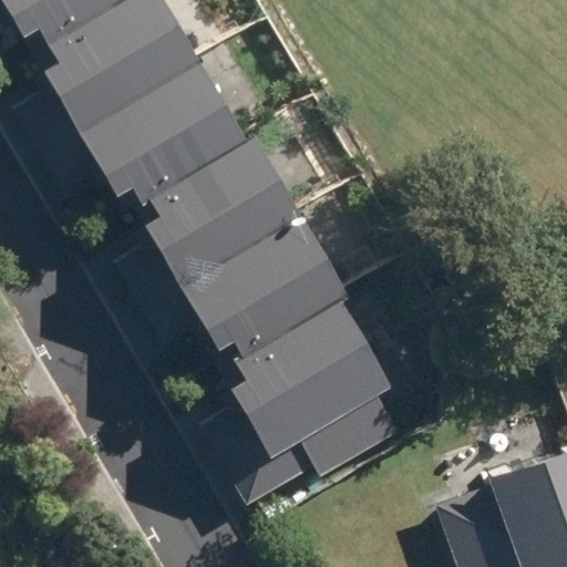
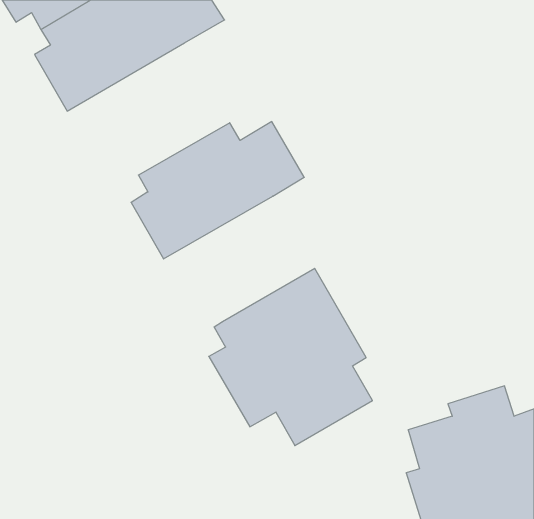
building: [71,63,268,209] -> none
building: [173,197,379,358] -> none

